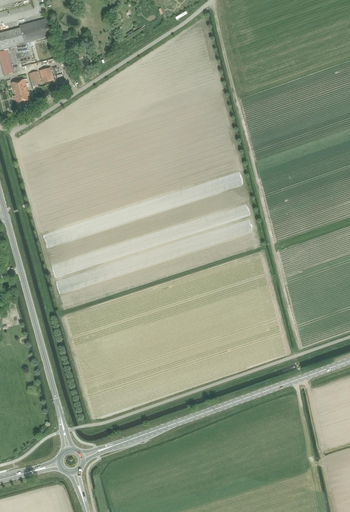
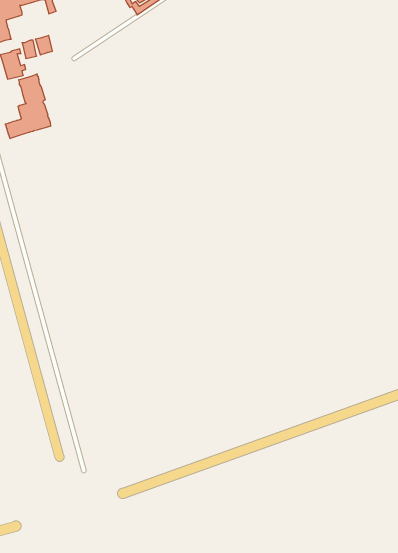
building: none -> [5,74,51,139]

